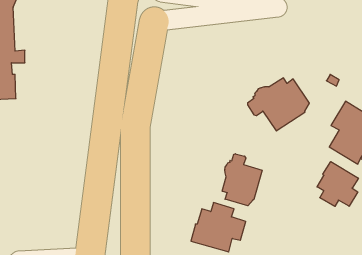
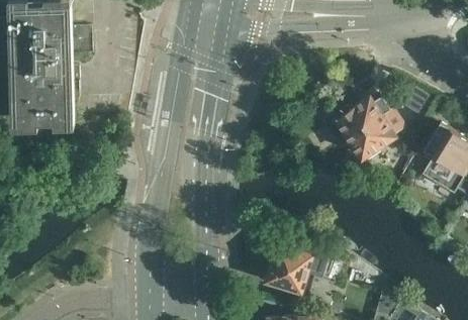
building: [222,154,262,206] -> none
building: [317,162,358,206] -> none

